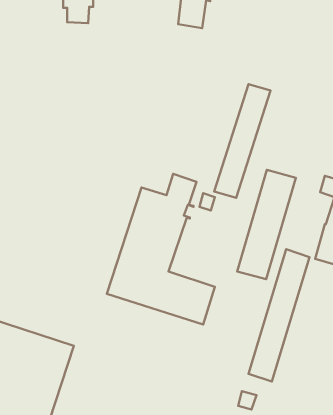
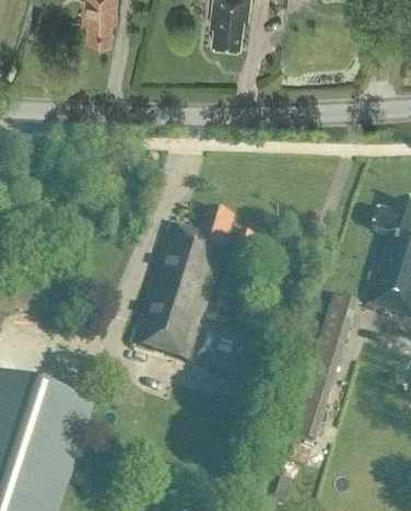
building: [214,84,270,198] -> none
building: [237,170,296,279] -> none

